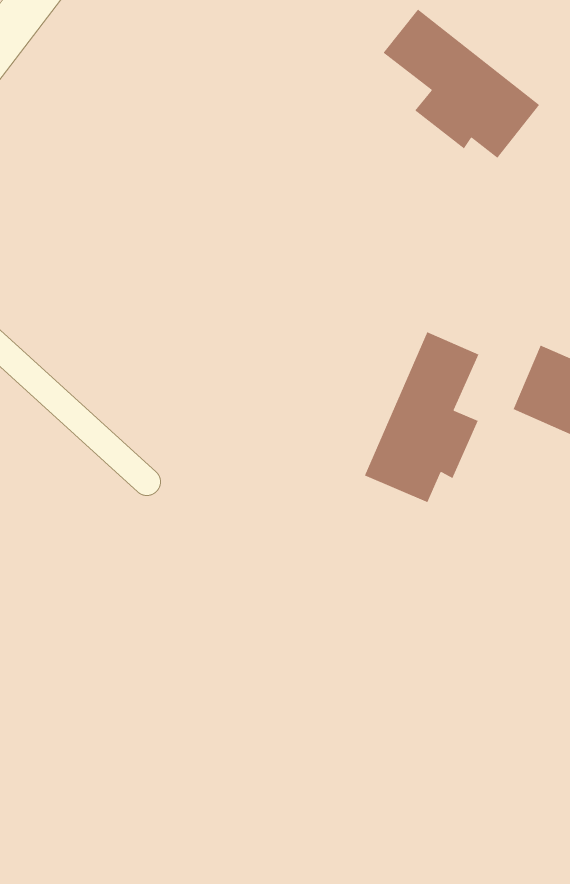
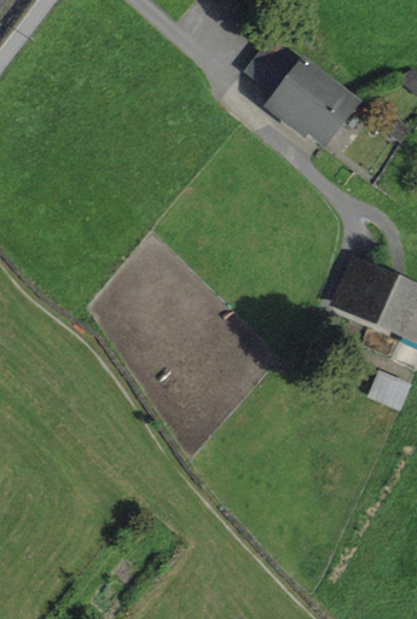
building: [364,331,480,503] -> none

